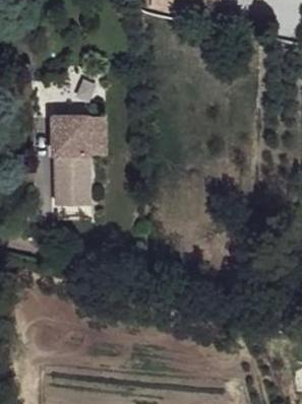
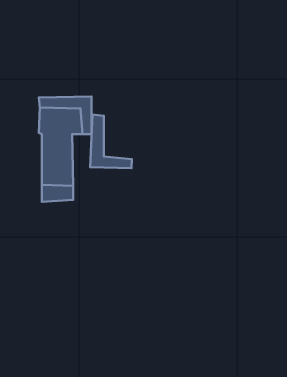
building: none -> [90,114,132,168]

